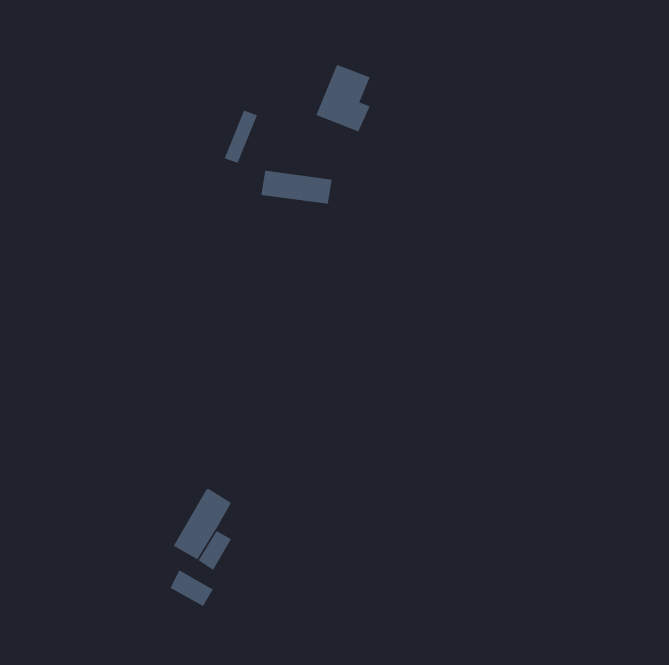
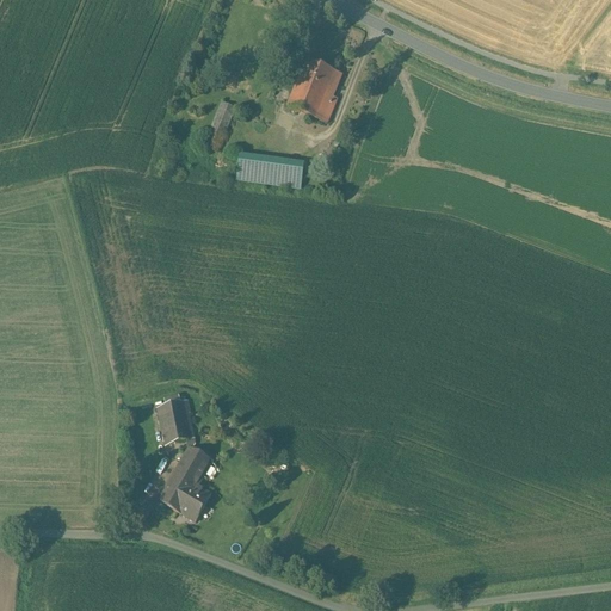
building: none -> [156,397,200,443]
building: [170,569,213,607] -> none

